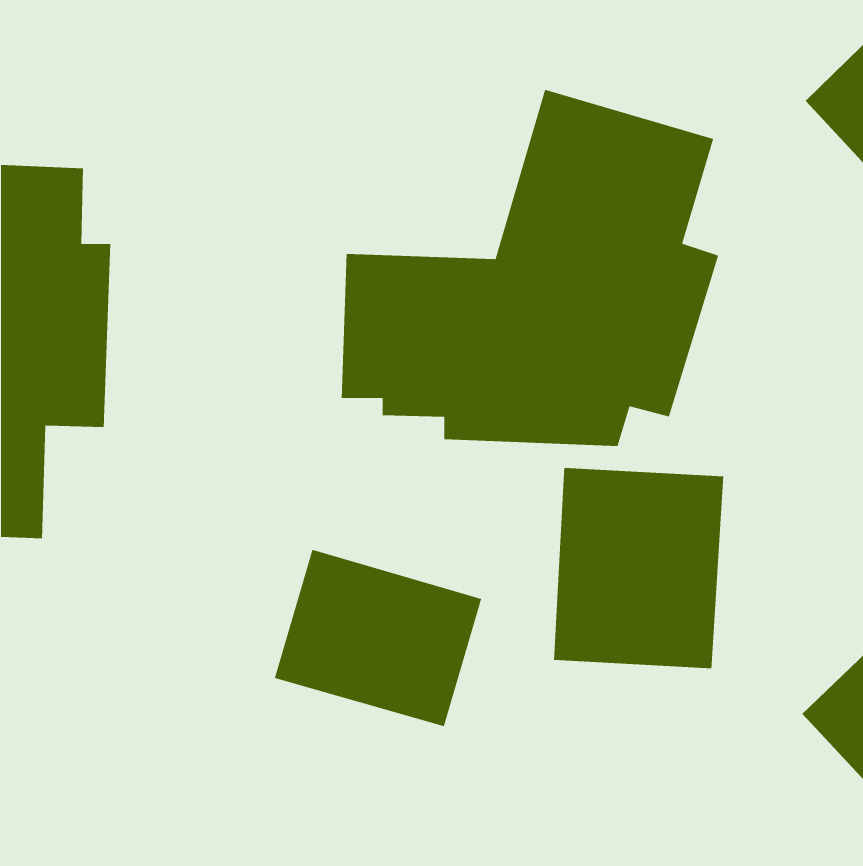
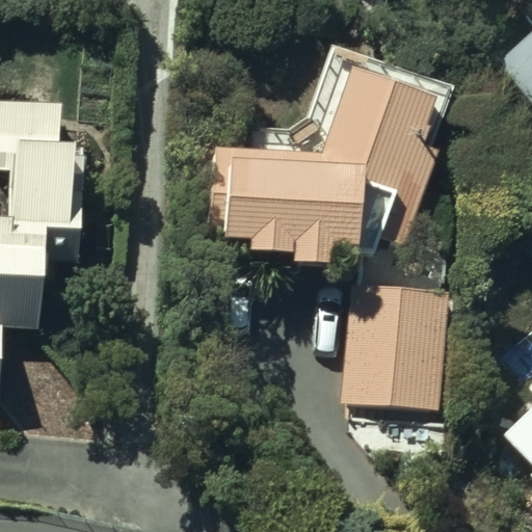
building: [274,549,482,727] -> none

